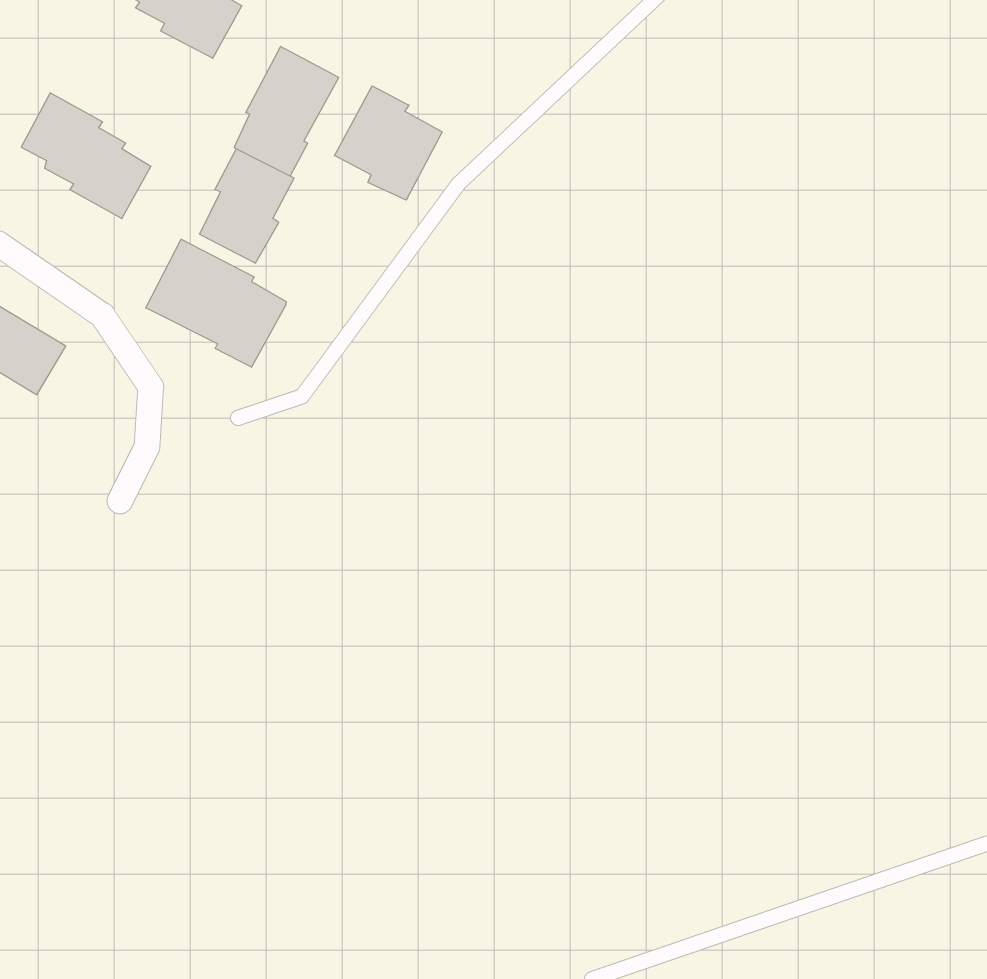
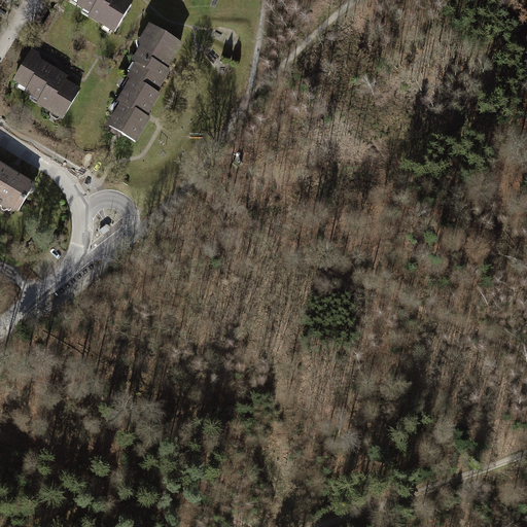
building: [334,86,442,200] -> none
building: [146,239,286,367] -> none

